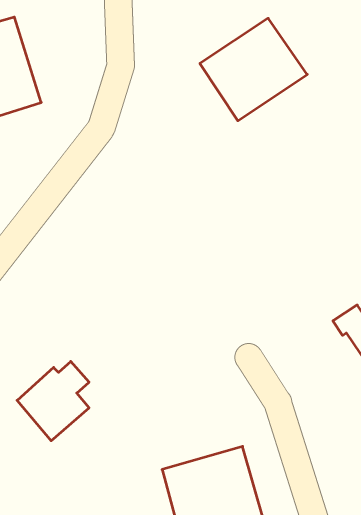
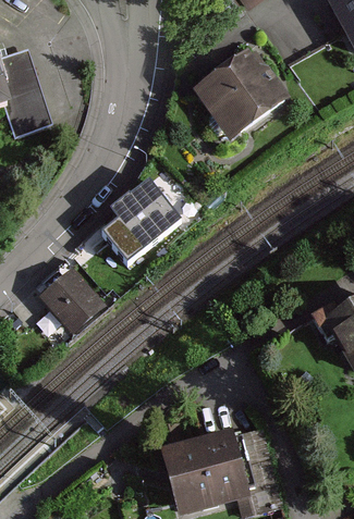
building: none -> [102,180,178,261]
building: [17,361,89,441] -> [39,261,103,332]

